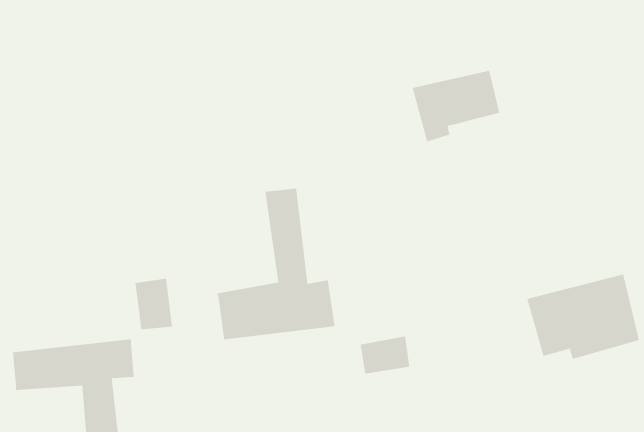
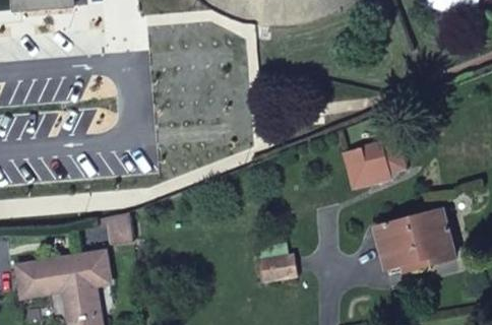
building: [412,70,500,142] -> [346,138,407,188]
building: [217,188,335,340] -> none

